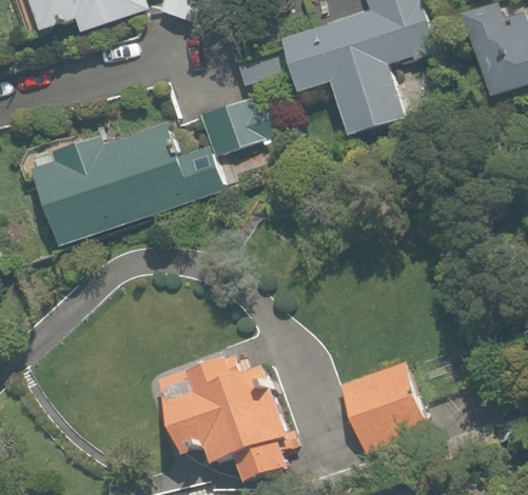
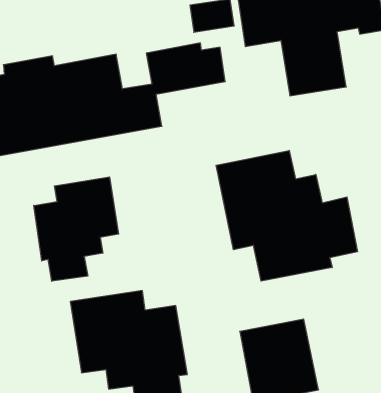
building: none -> [216,150,357,281]
building: none -> [34,177,119,281]

